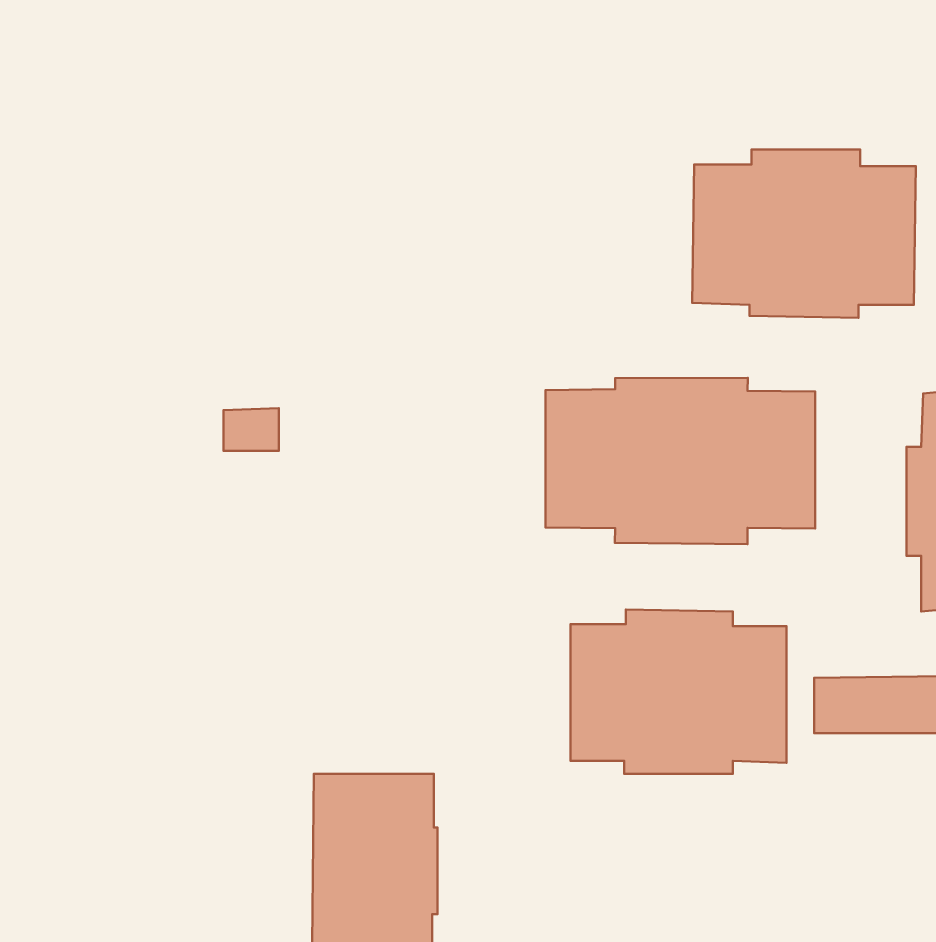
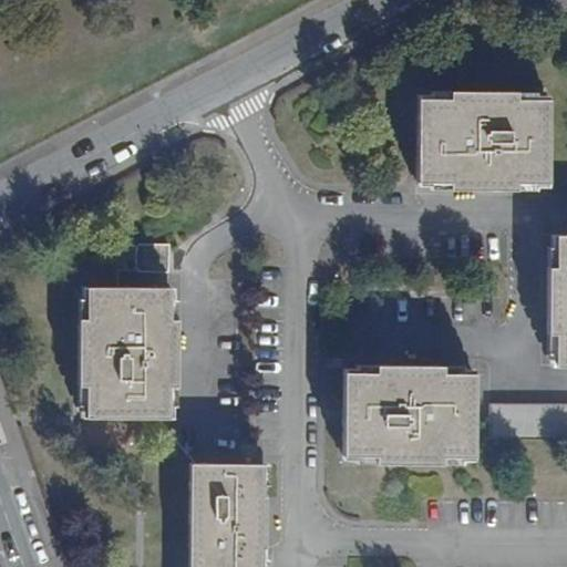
building: [545,378,815,544] -> none
building: none -> [79,287,178,420]

